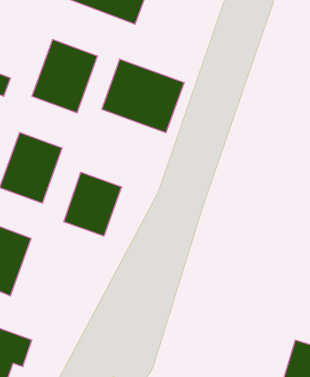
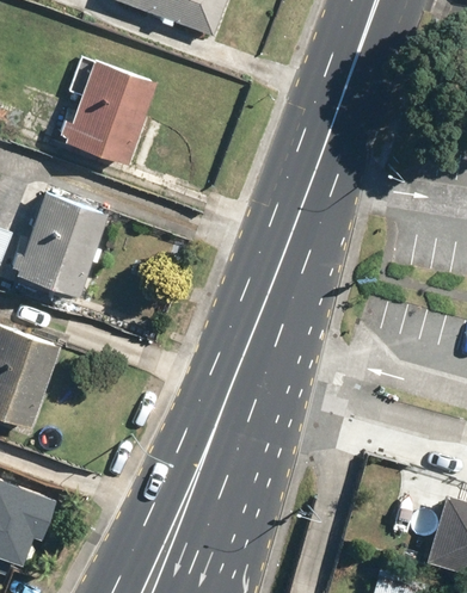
building: [102,59,184,133] -> none
building: [64,172,121,236] -> none

